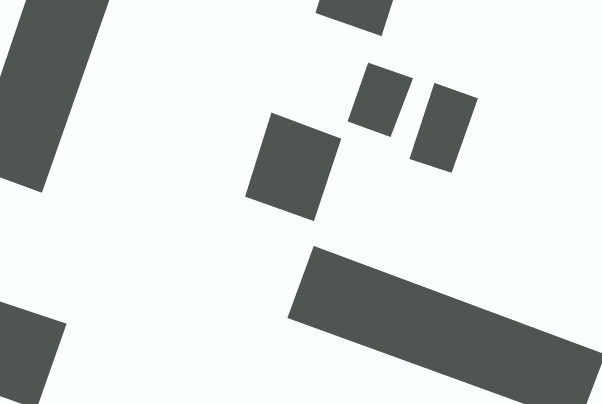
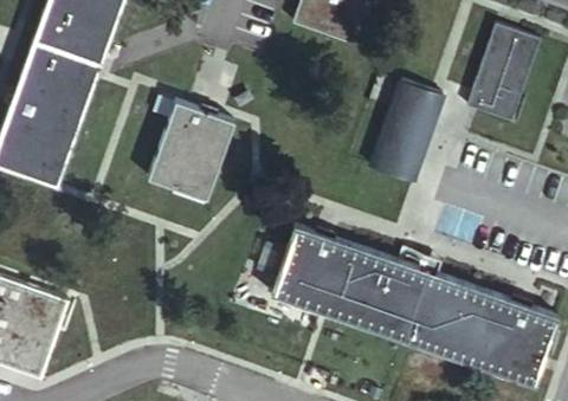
building: none -> [470,28,541,125]
building: [347,62,414,138] -> none
building: [244,112,342,222] -> [143,97,231,195]

